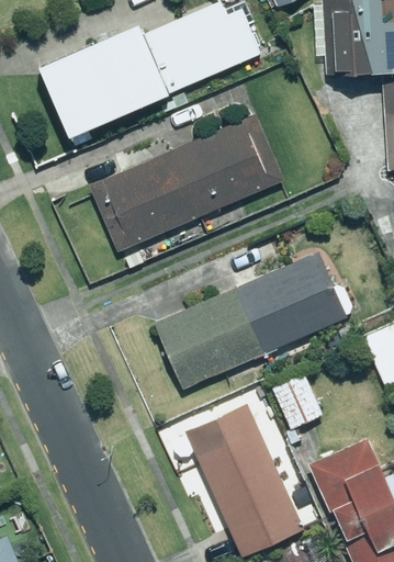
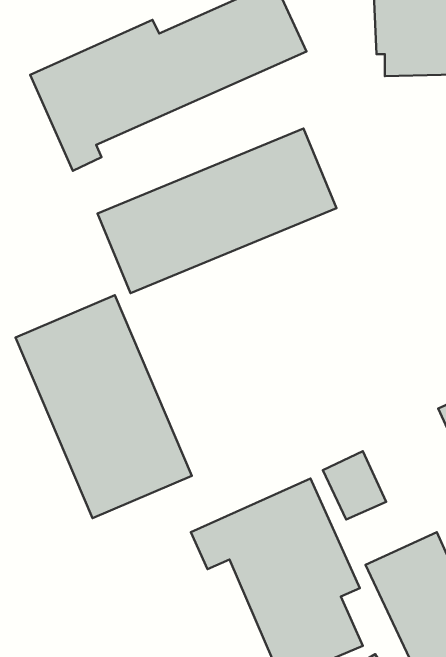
building: none -> [15,295,192,518]
building: [154,252,346,389] -> none

